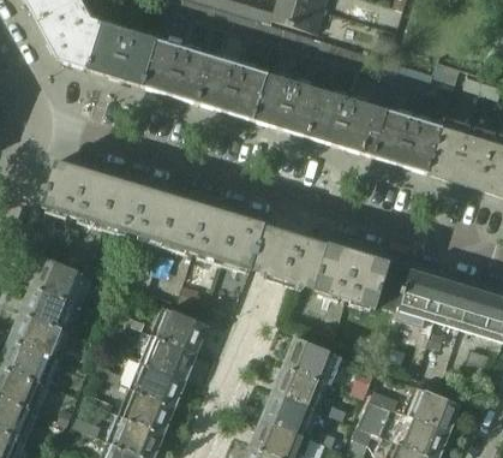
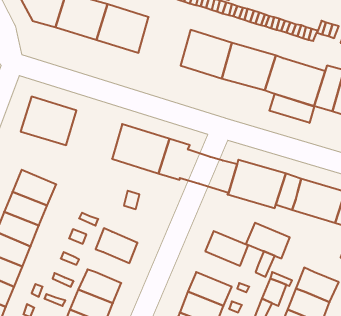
building: [198,55,267,119] -> none
building: none -> [269,94,314,123]
building: [103,178,176,242] -> none
building: [152,305,209,352] -> none
building: [131,361,186,405] -> none
building: [274,363,331,410] -> [246,223,290,258]

